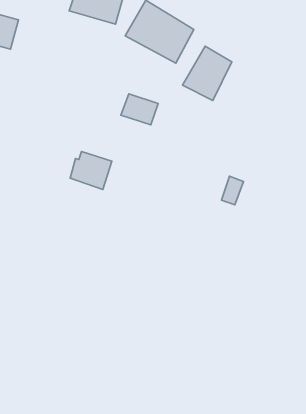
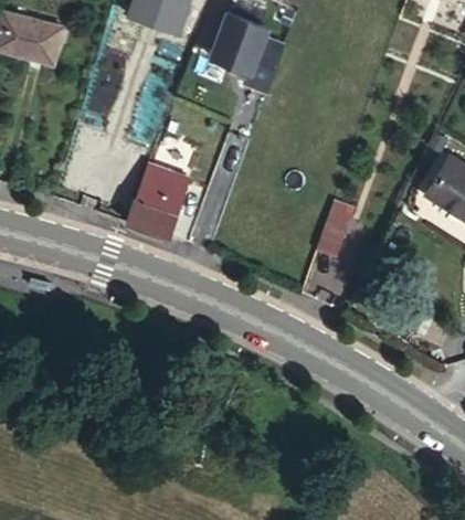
building: [183,46,232,101] -> none
building: [121,94,158,125] -> [142,166,189,204]

